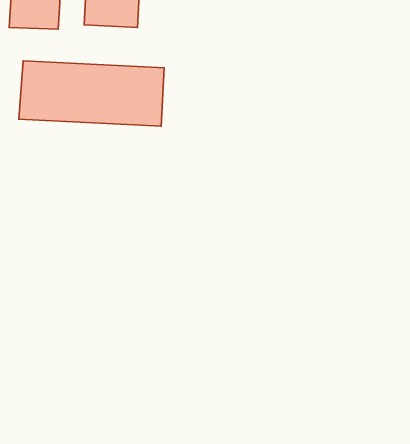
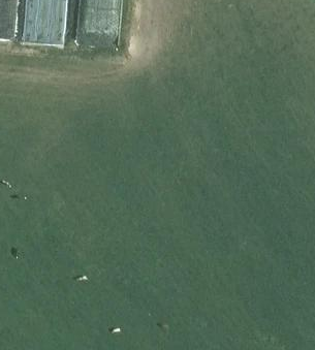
building: [19,61,164,126] -> none

